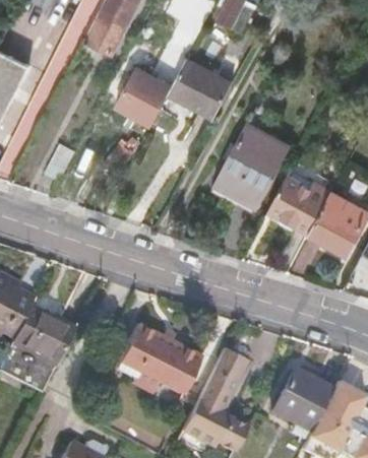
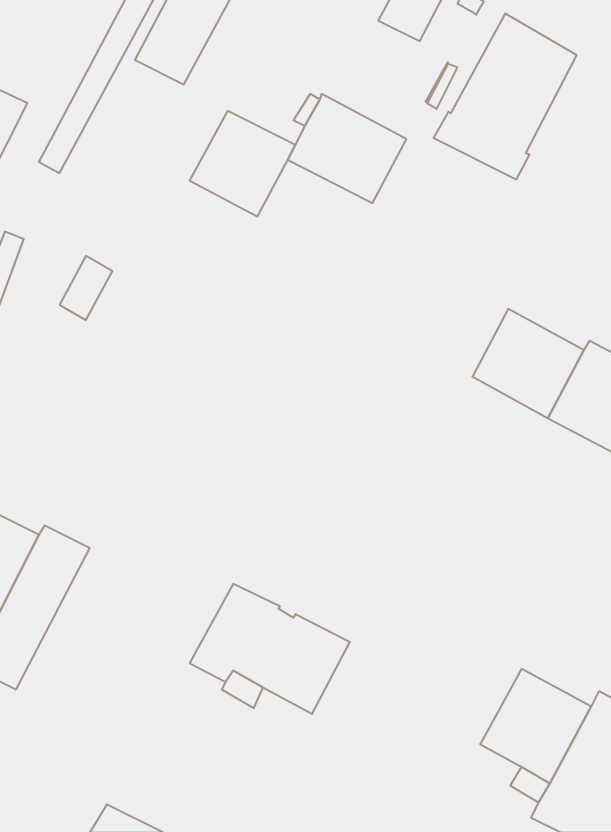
building: [209,124,287,213] -> [433,14,577,179]
building: [21,304,74,390] -> none
building: [181,347,247,449] -> none

